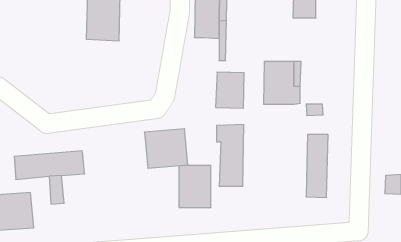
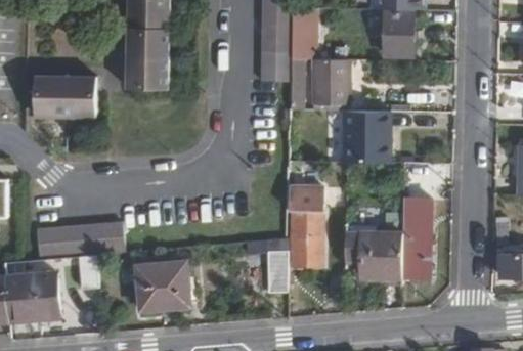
building: none -> [34,73,95,115]
building: [216,72,244,108] -> [313,59,349,104]
building: [144,129,188,168] -> [138,261,192,310]
building: none -> [344,234,401,279]

